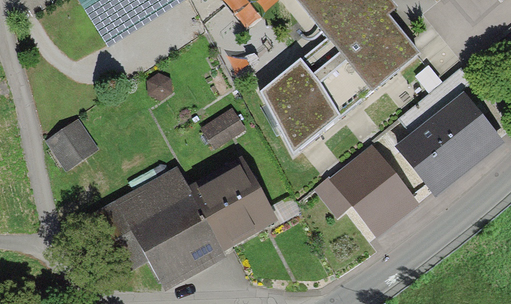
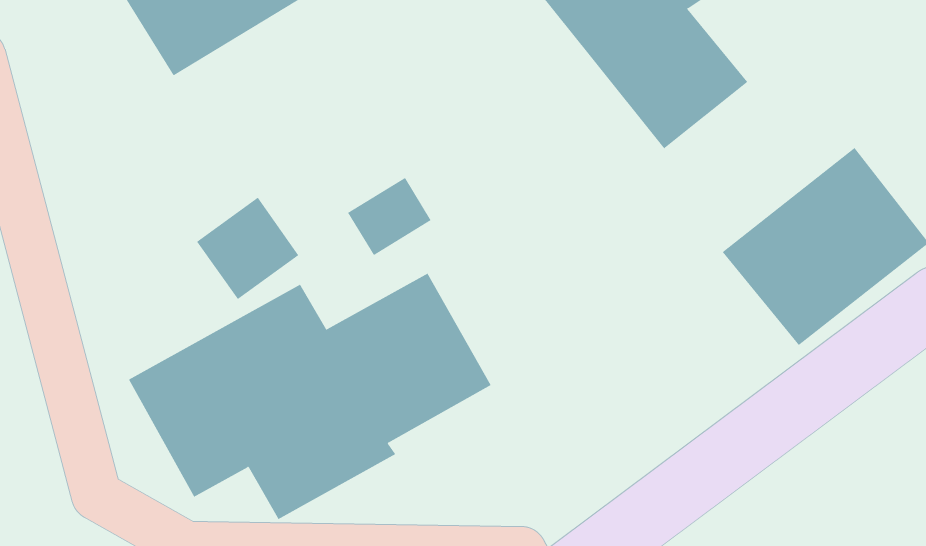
building: [262,37,368,151] -> none
building: [44,117,99,172] -> [196,197,299,300]
building: [318,140,423,235] -> none

